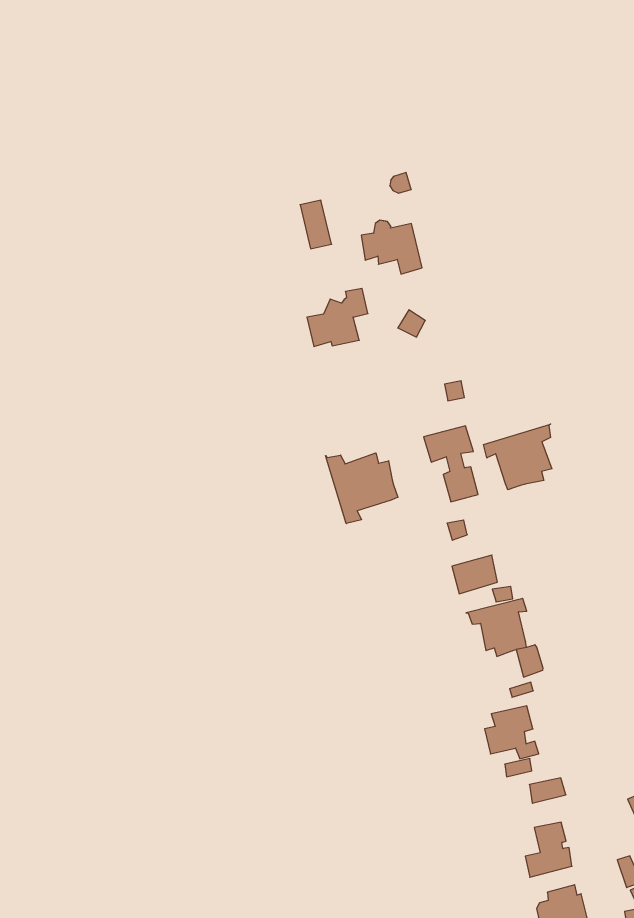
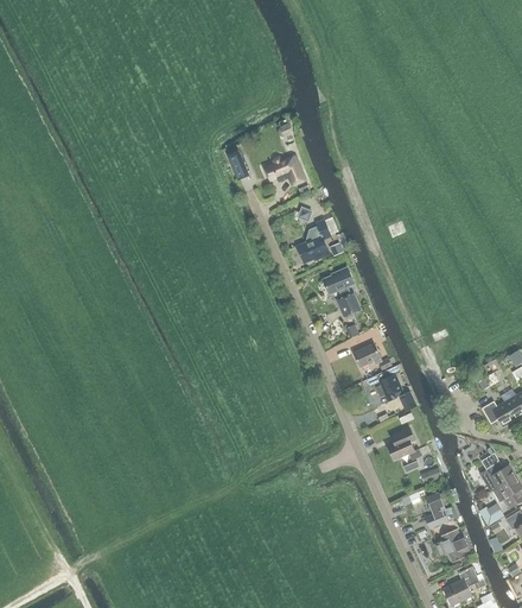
building: [307,288,368,347] -> [297,222,332,261]
building: [484,424,552,490] -> none
building: [326,453,398,524] -> none

